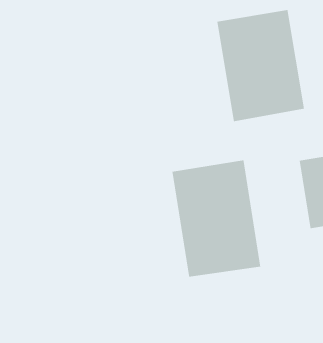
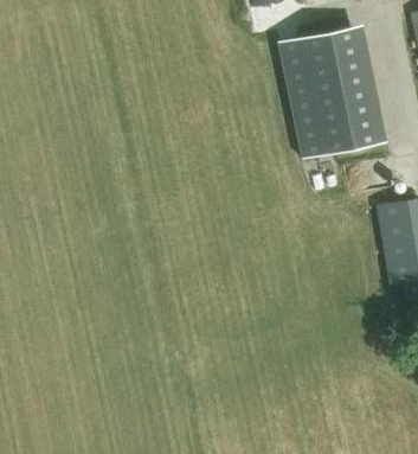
building: [172,159,261,278] -> none

